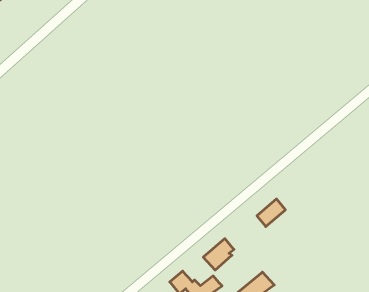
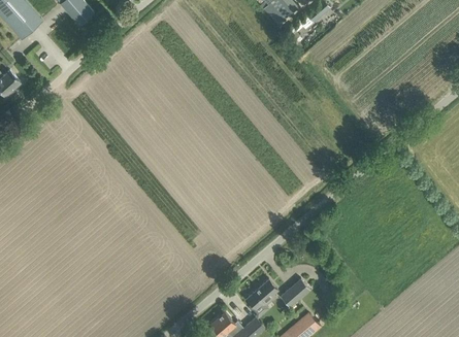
building: [257,199,285,227] -> [281,278,310,307]

